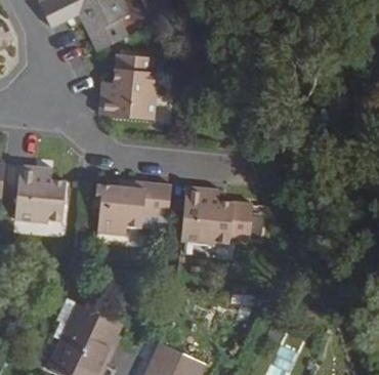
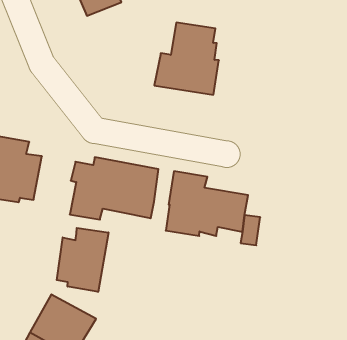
building: [98,54,156,118] -> [154,23,219,95]
building: none -> [57,228,108,292]

